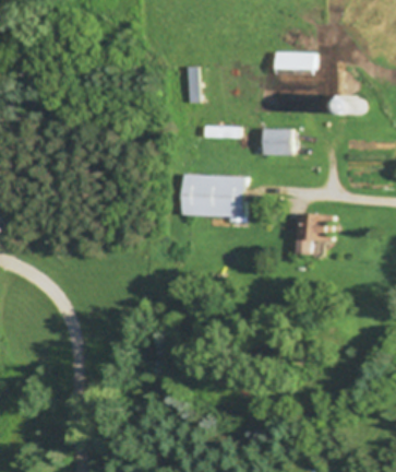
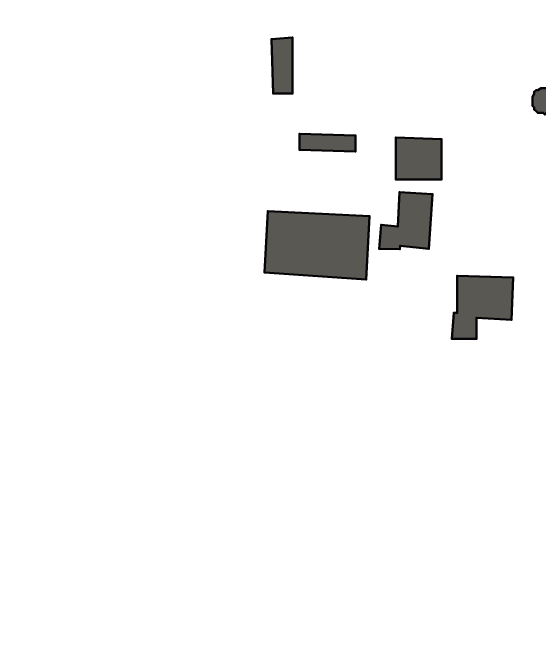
building: [275,52,314,70] -> none
building: none -> [379,192,432,249]

